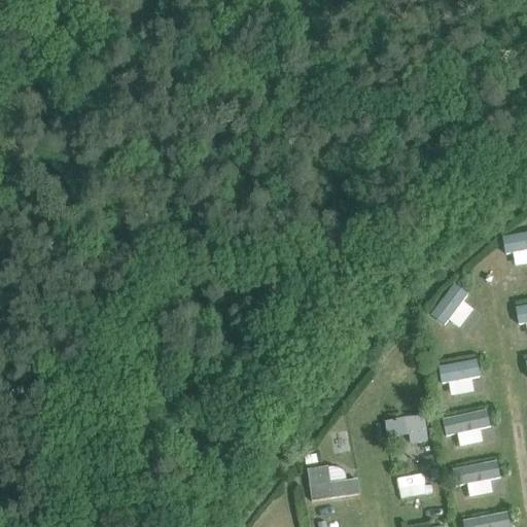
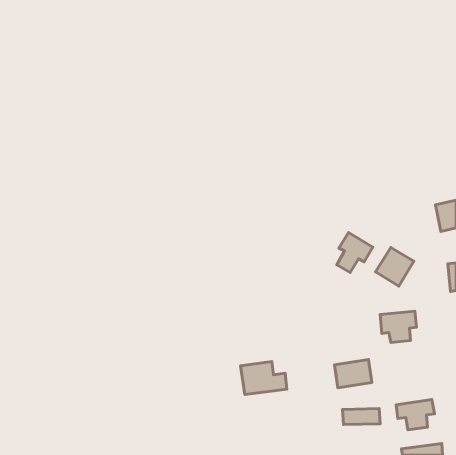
building: none -> [337,233,373,273]
building: [442,409,490,446] -> none
building: [305,462,358,500] -> [240,362,287,395]

